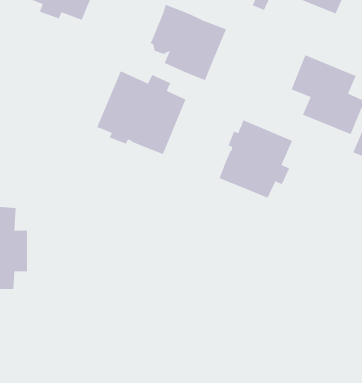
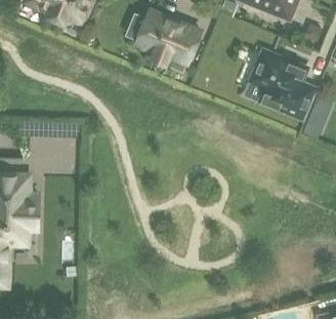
building: [97,71,186,155] -> none
building: [219,120,293,199] -> none

